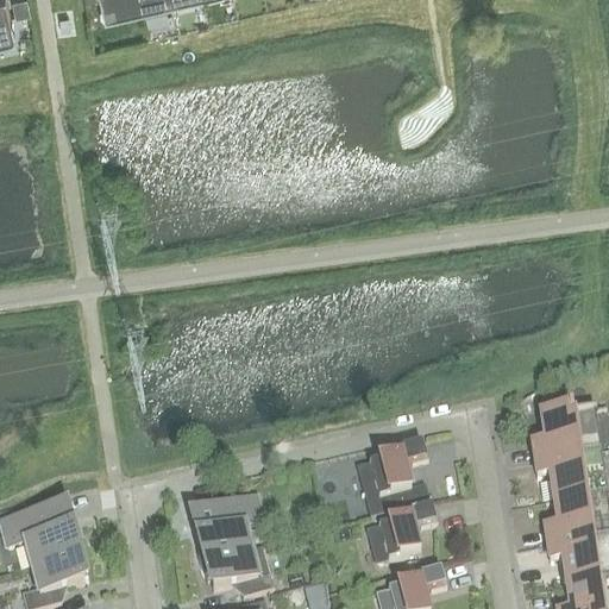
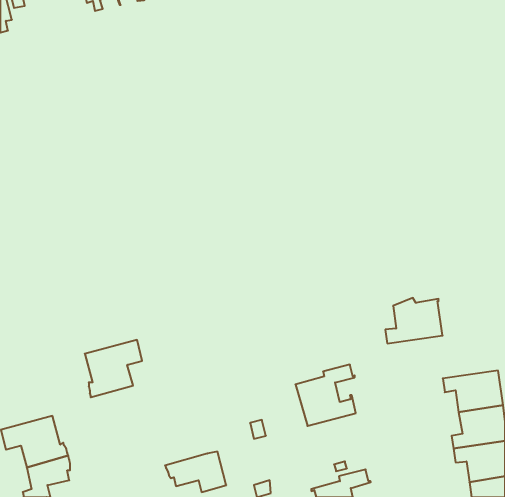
building: [530,401,599,456] -> [385,298,443,343]
building: [192,491,260,560] -> [85,340,142,397]
building: [365,501,437,559] -> none

